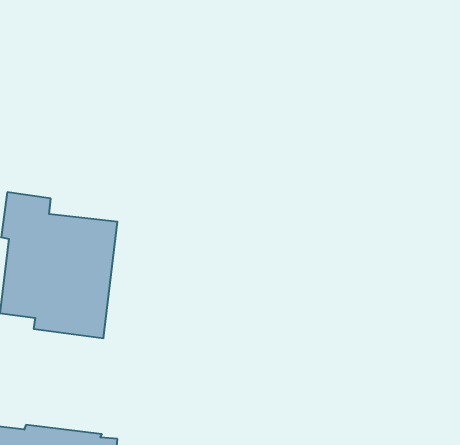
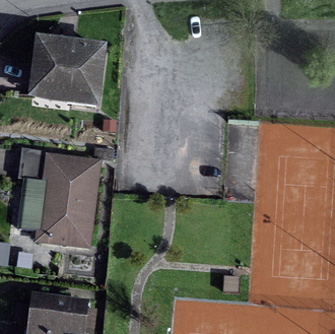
building: none -> [35,44,103,104]

